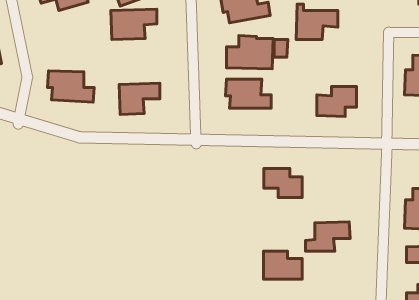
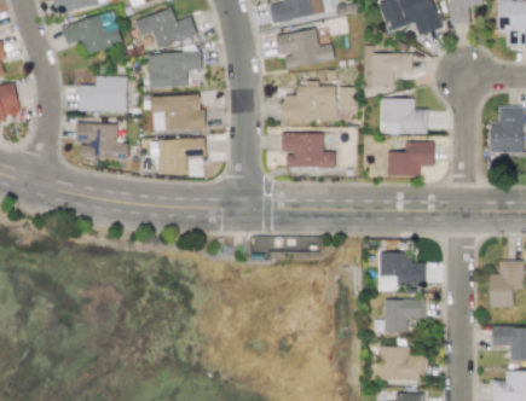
building: none -> [79,76,127,111]
building: none -> [152,94,207,130]
building: none -> [382,98,428,134]
building: [264,168,302,198] -> [381,252,426,286]
building: [264,251,302,279] -> [381,347,426,379]

